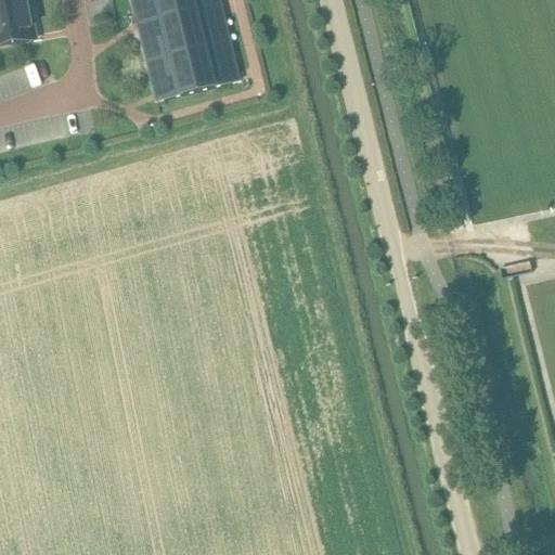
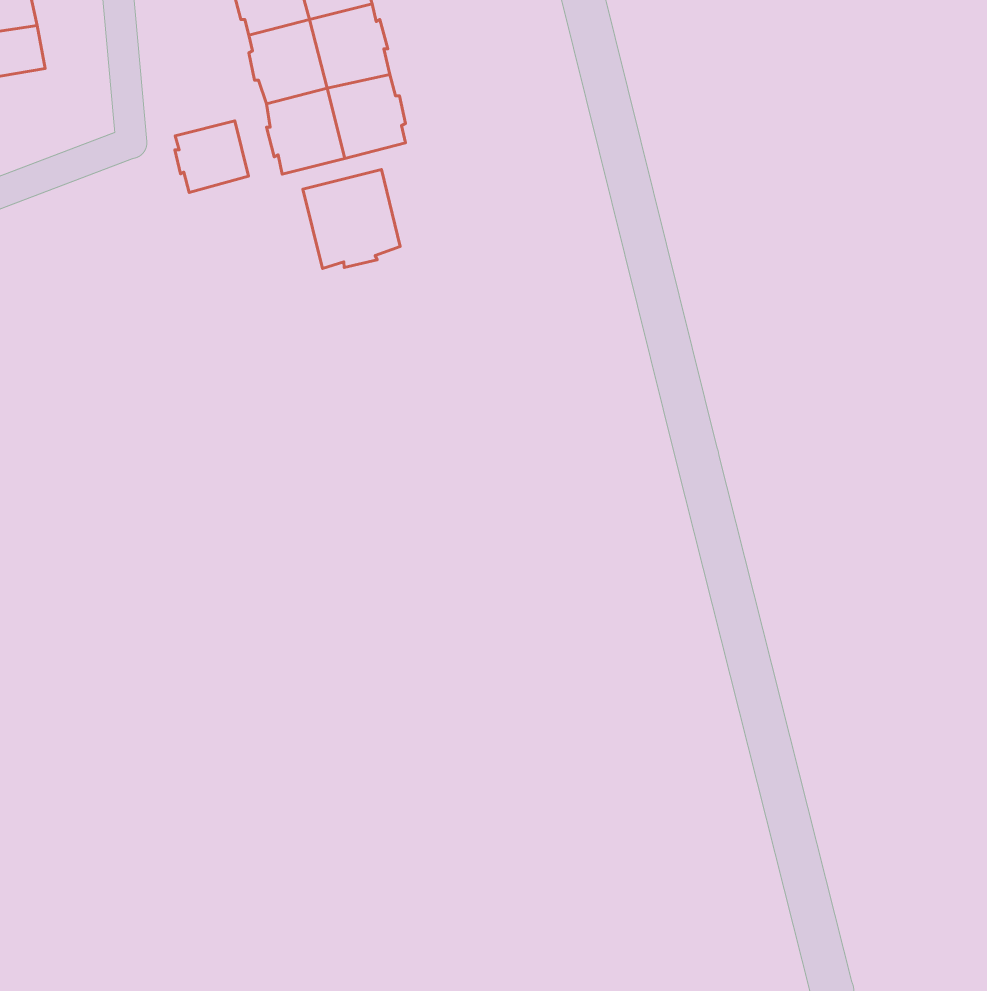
building: none -> [175,121,248,193]
building: none -> [303,169,400,269]

